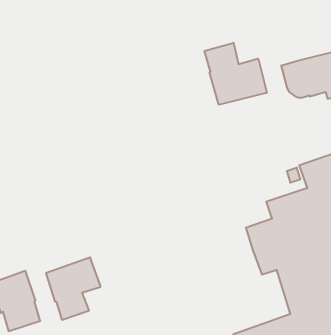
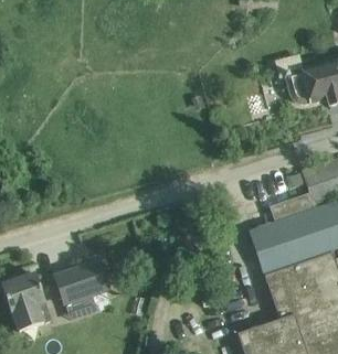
building: [205,43,267,105] -> none

